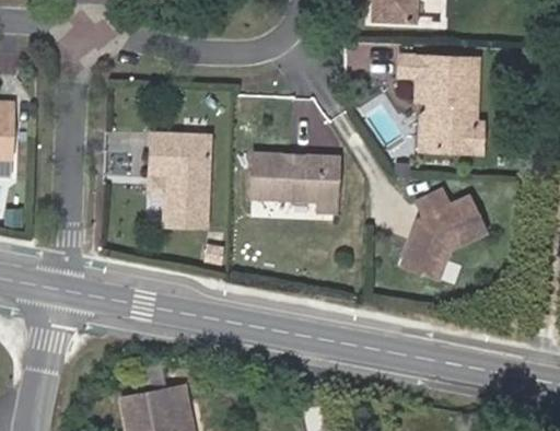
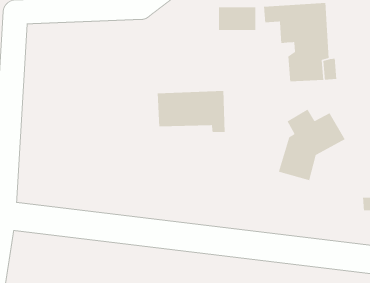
building: [150,135,210,228] -> none

